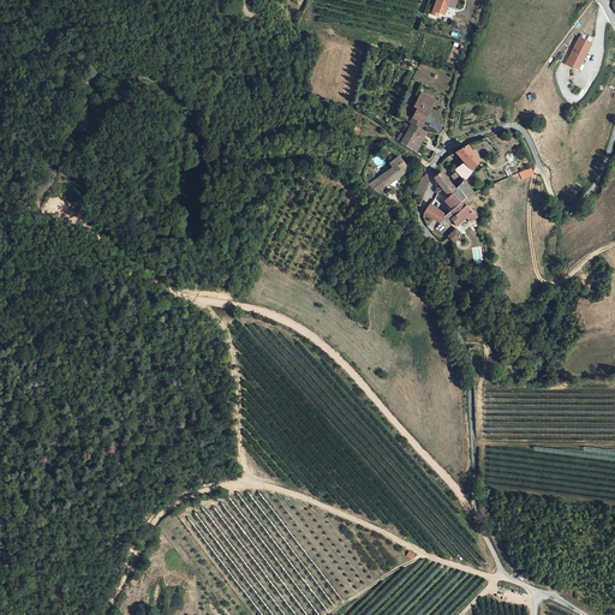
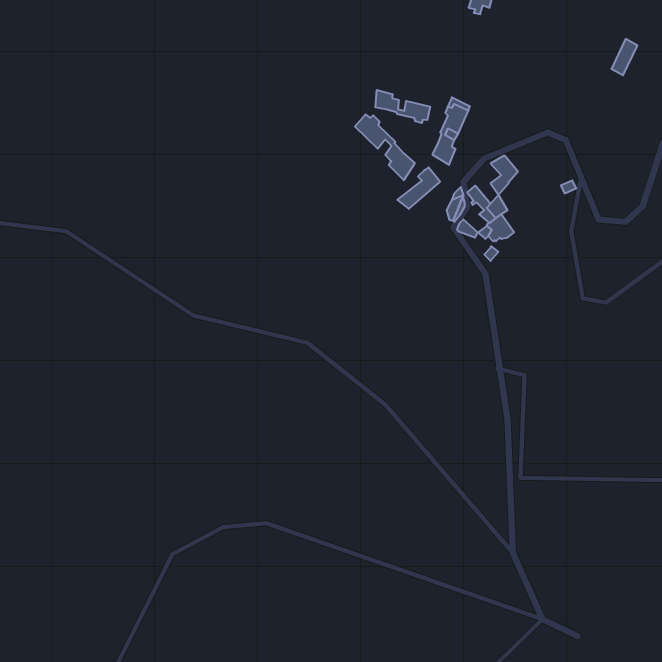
building: none -> [375,90,430,123]
building: none -> [355,114,415,180]

